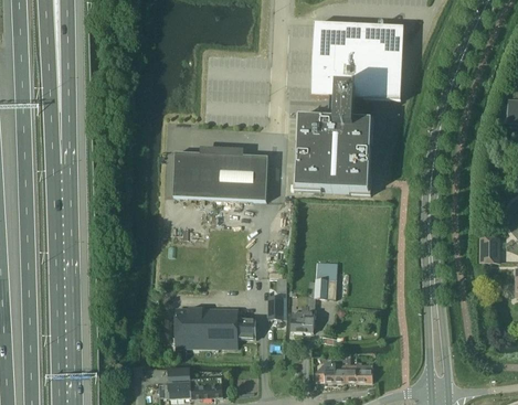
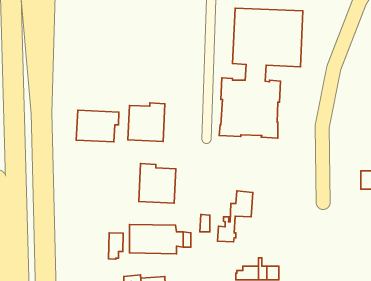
building: [220,148,268,200] -> [139,164,176,203]
building: none -> [76,110,119,142]
building: none -> [109,233,123,259]

